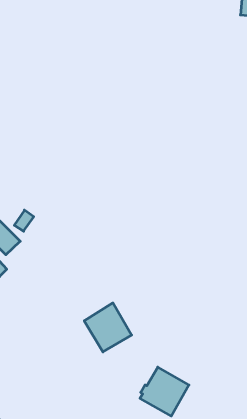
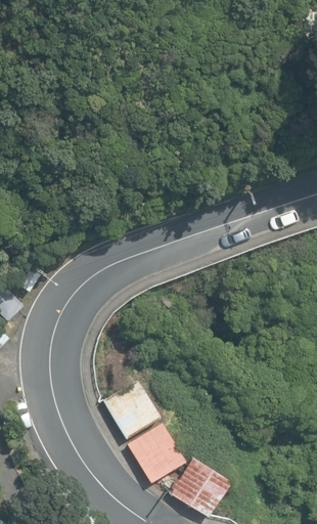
building: none -> [127,422,187,484]

